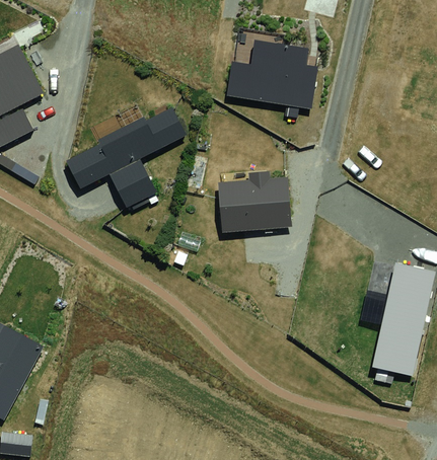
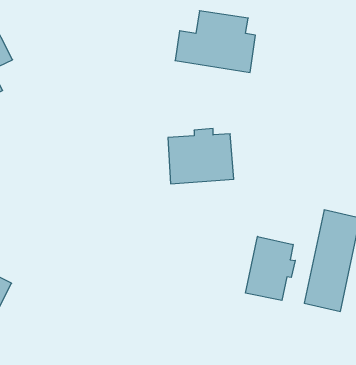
building: [66,107,186,207] -> none
building: none -> [246,236,295,300]

